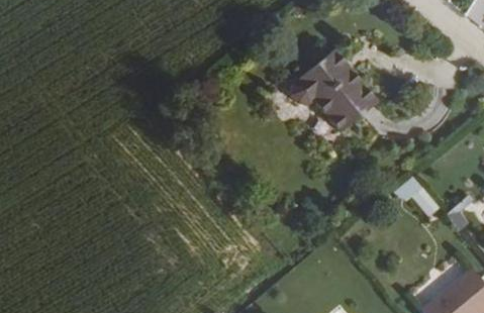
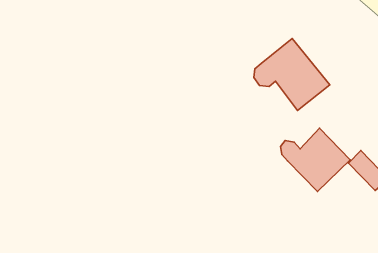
building: none -> [280,128,350,191]

